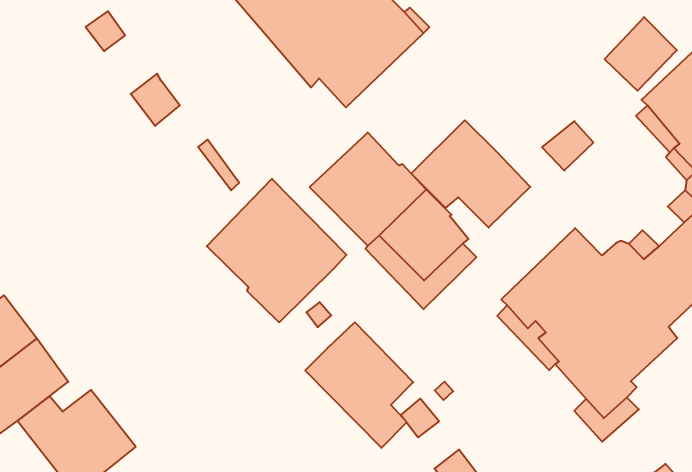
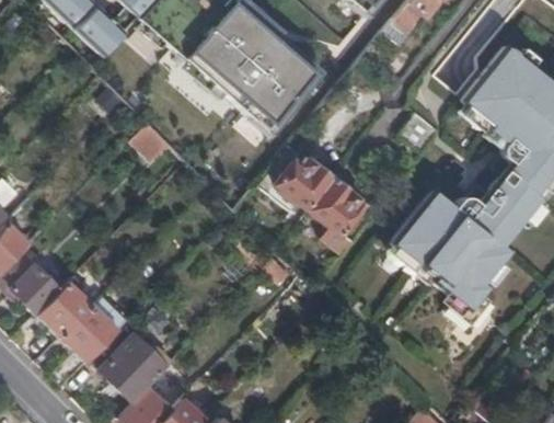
building: [411,120,530,228] -> none
building: [207,179,346,322] -> none
building: [305,322,413,448] -> none

